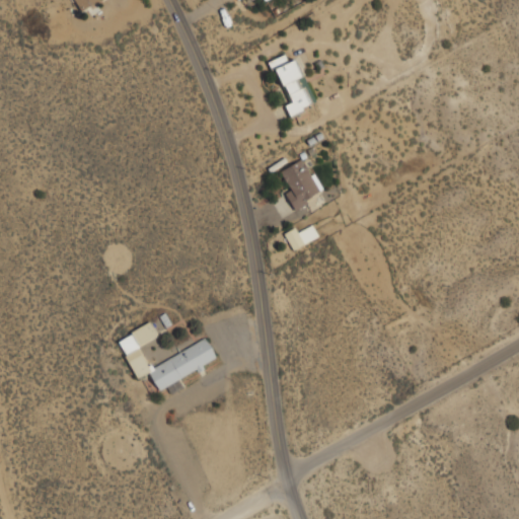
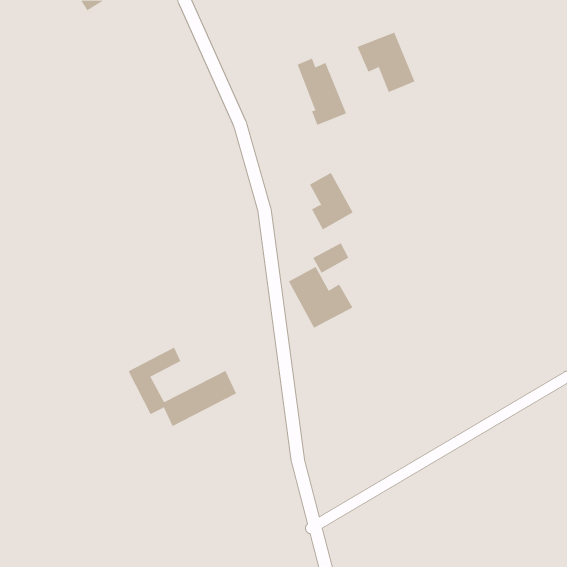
building: none -> [357,32,415,93]
building: none -> [288,266,353,329]

